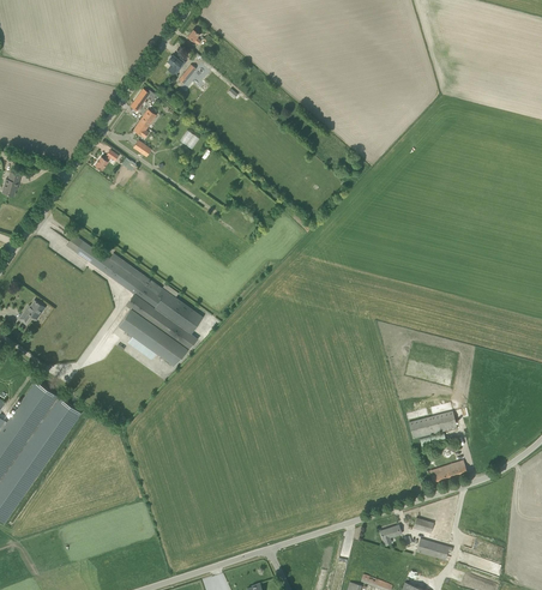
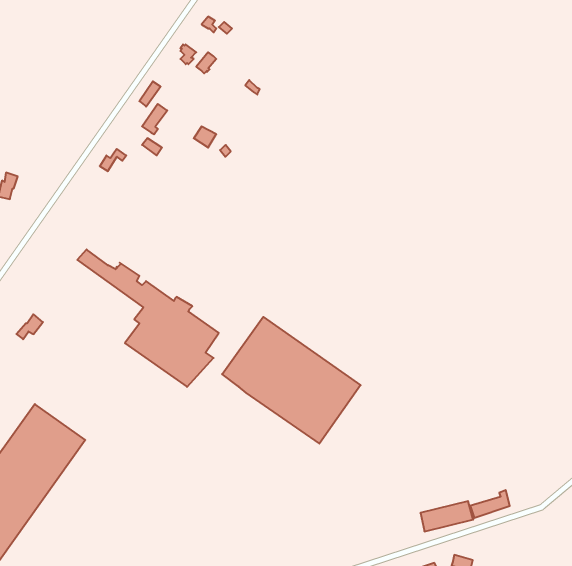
building: none -> [222,317,361,444]
building: [408,411,456,439] -> [420,501,473,531]

